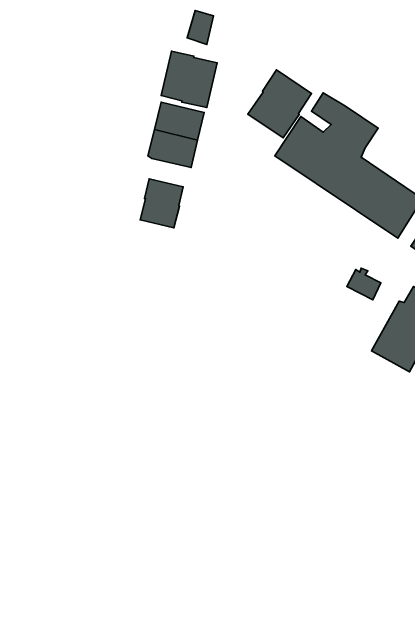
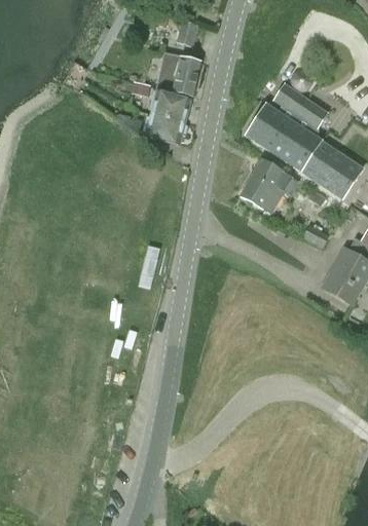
building: [248,70,312,138] -> none
building: [140,179,183,228] -> none
building: none -> [240,158,298,212]

